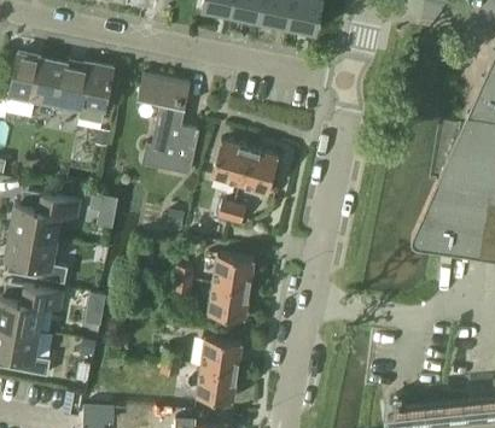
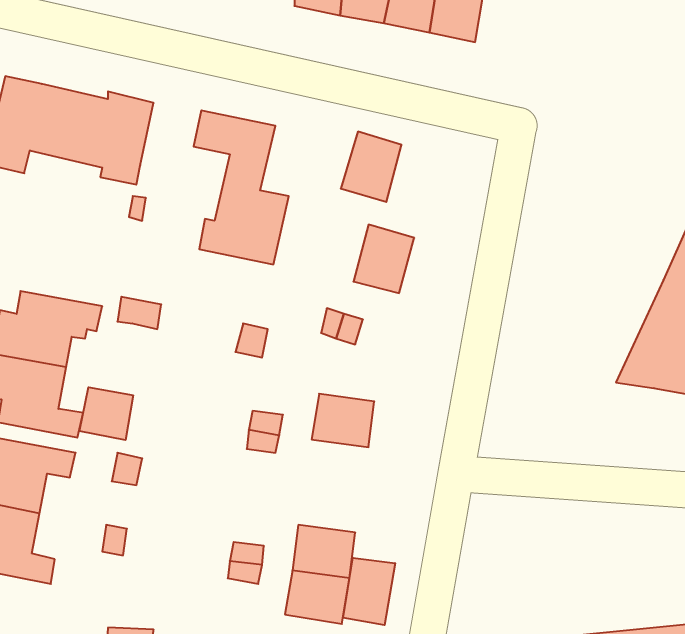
building: [210,140,249,184] -> [341,132,402,202]
building: none -> [79,387,133,440]
building: [209,285,249,319] -> none
building: none -> [343,558,395,625]

